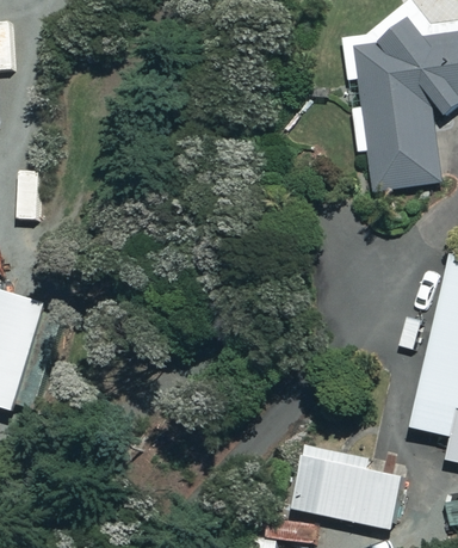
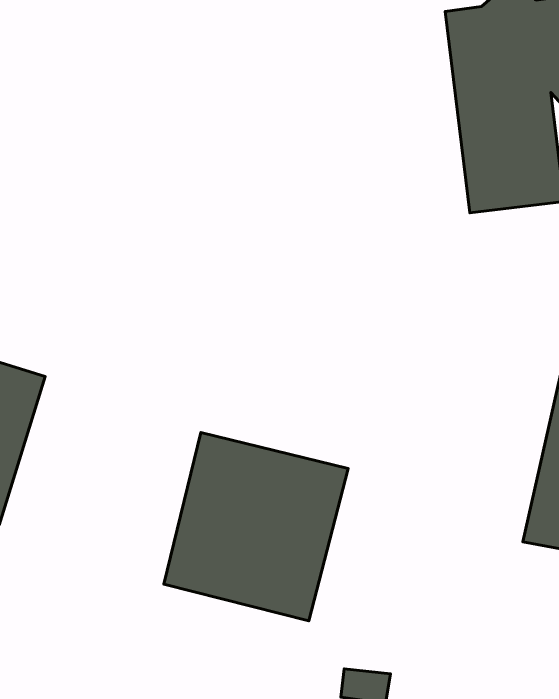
building: none -> [164,432,348,621]
building: [287,443,404,531] -> none

